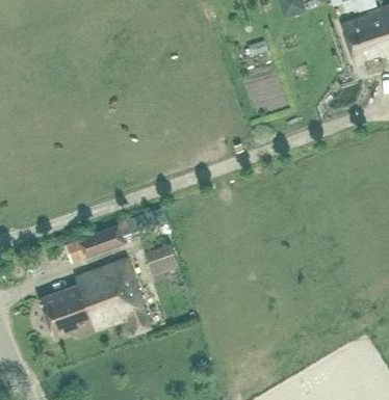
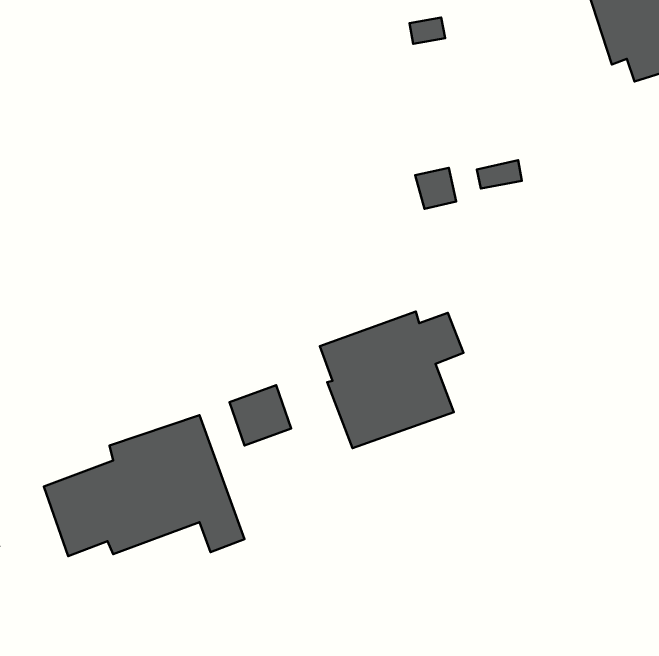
building: none -> [320,311,463,448]
building: [78,220,127,258] -> none

